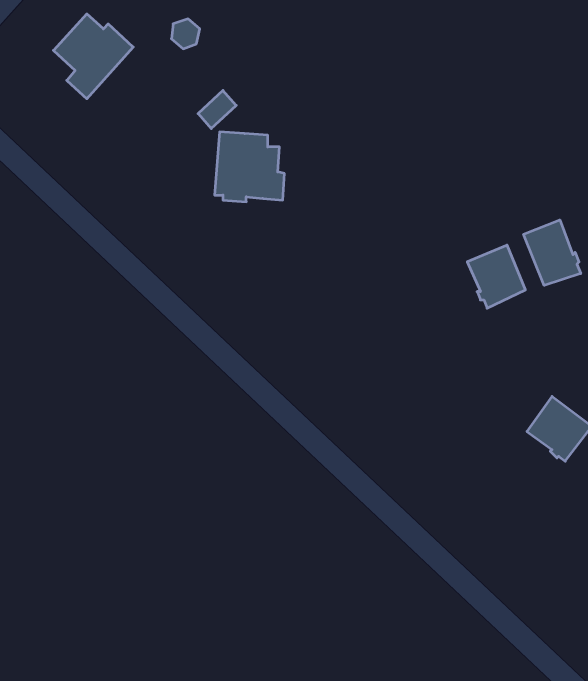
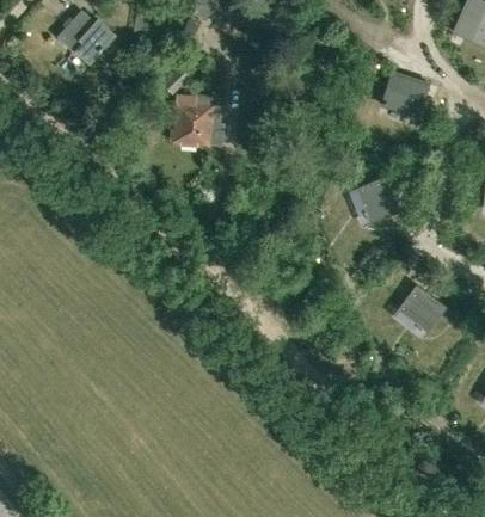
building: none -> [381,72,428,116]
building: [524,220,581,285] -> none

